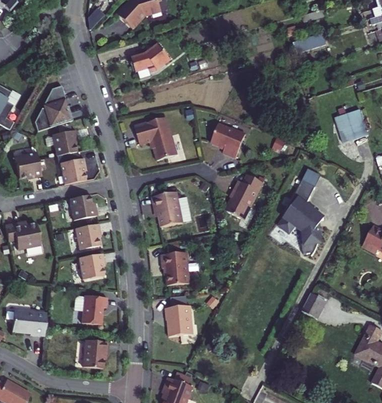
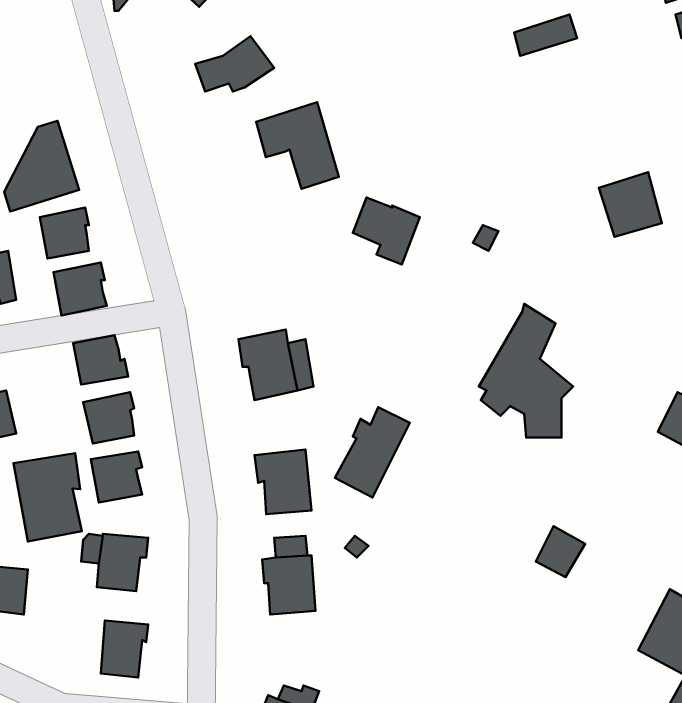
building: [134,116,176,160] -> [256,102,339,189]
building: [224,174,262,220] -> [335,407,410,498]
building: none -> [14,453,82,541]

